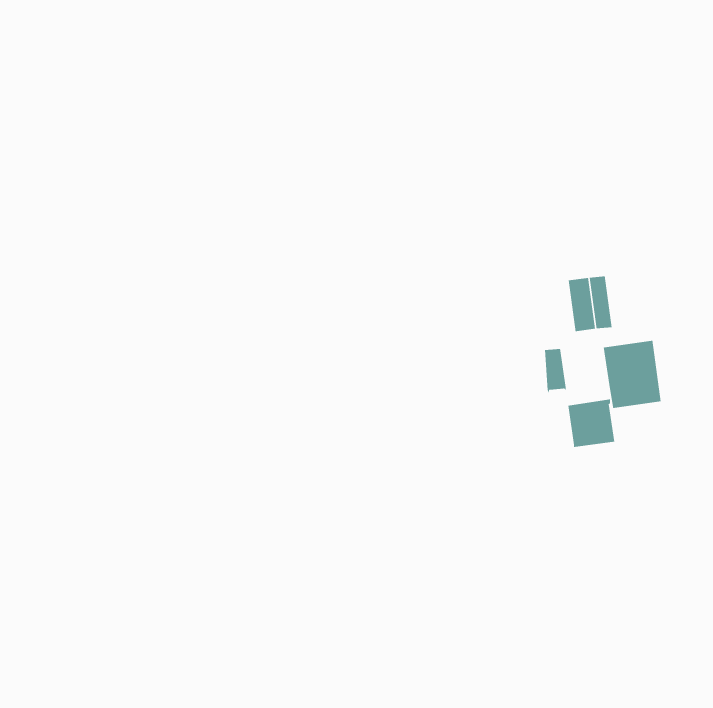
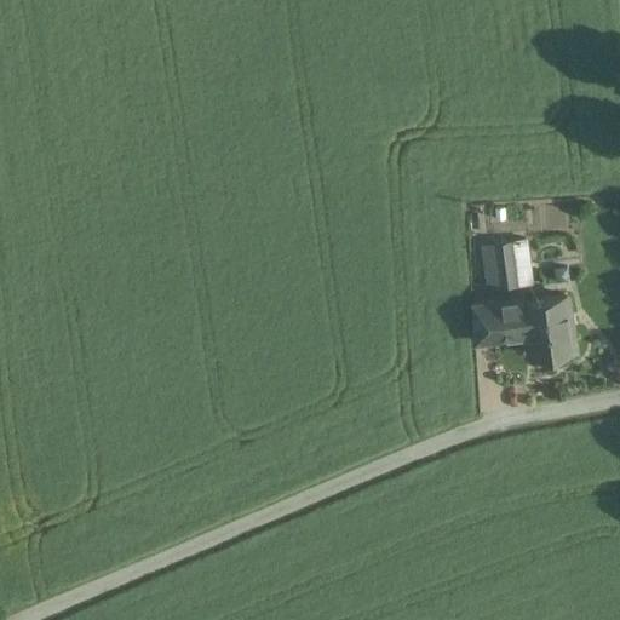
building: [568,399,615,447] -> [487,300,528,343]

